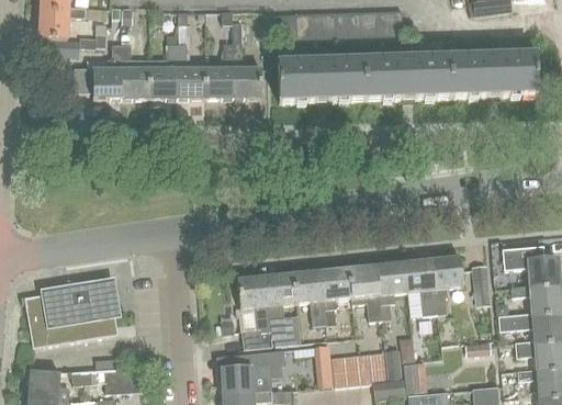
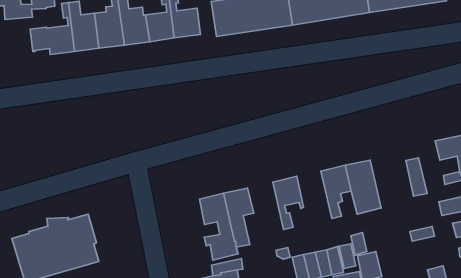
building: [431,256,463,314] -> none
building: [348,265,381,320] -> none
building: [292,270,327,335] -> none

